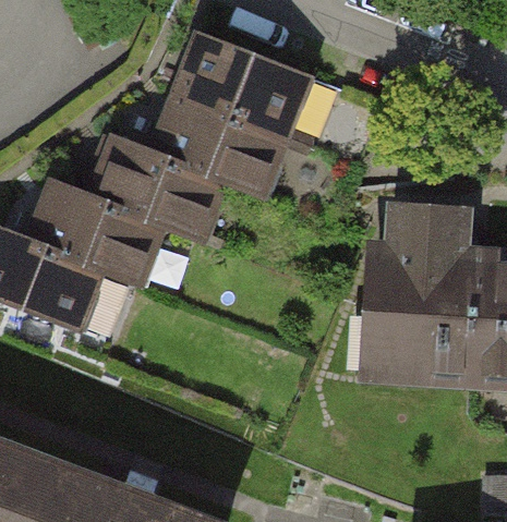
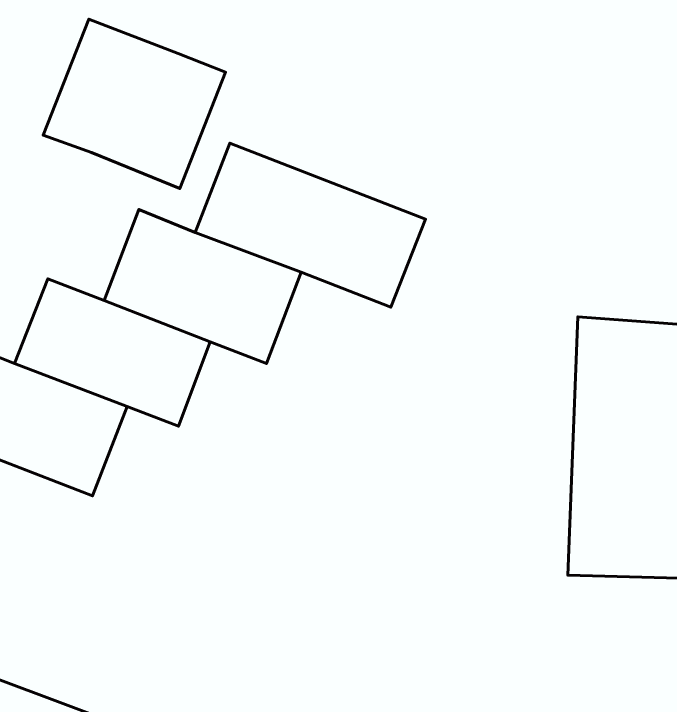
building: none -> [43,19,226,188]
building: [167,37,318,145] -> none

